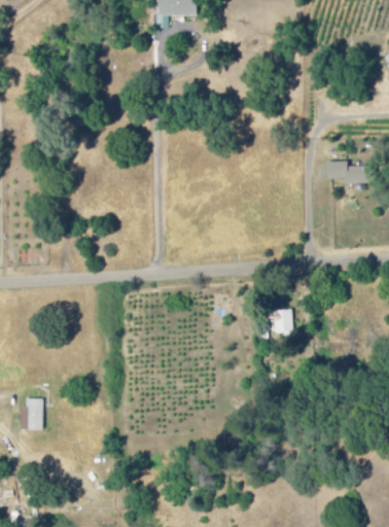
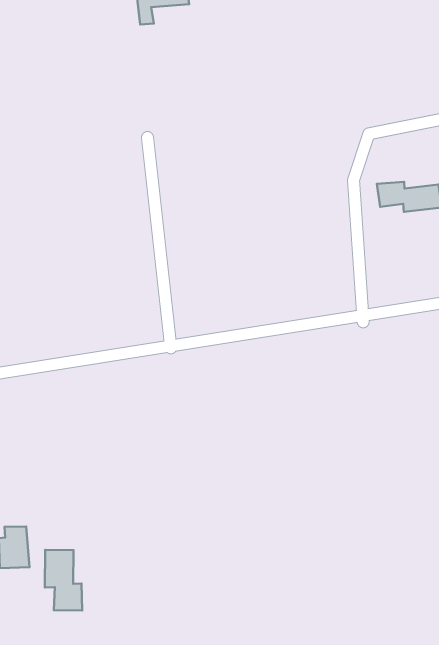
building: [273,309,292,333] -> none
building: none -> [45,550,82,611]

